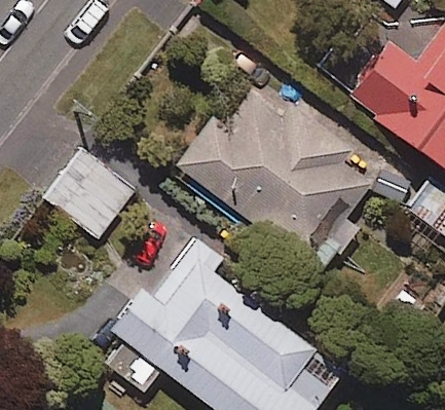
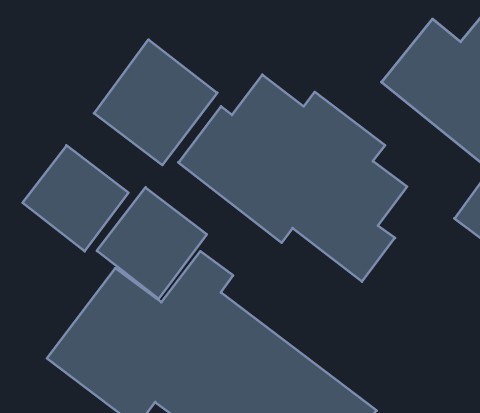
building: none -> [94,40,217,165]
building: none -> [97,187,207,299]

